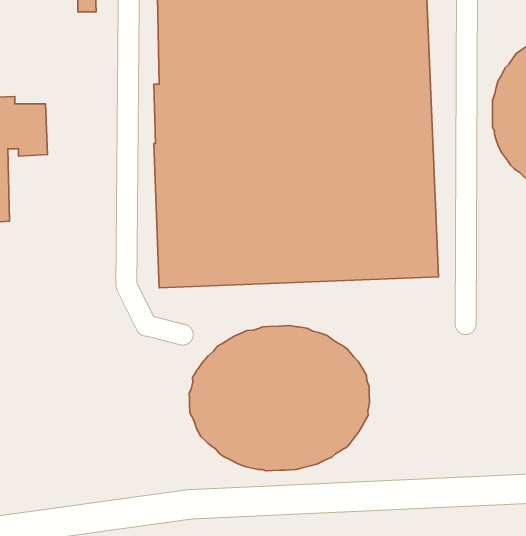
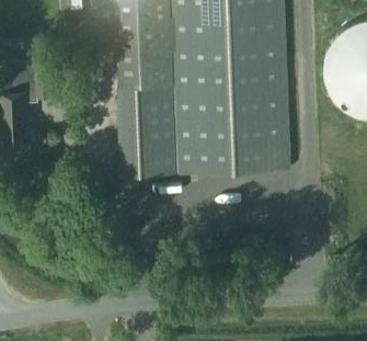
building: [189,326,370,471] -> none

